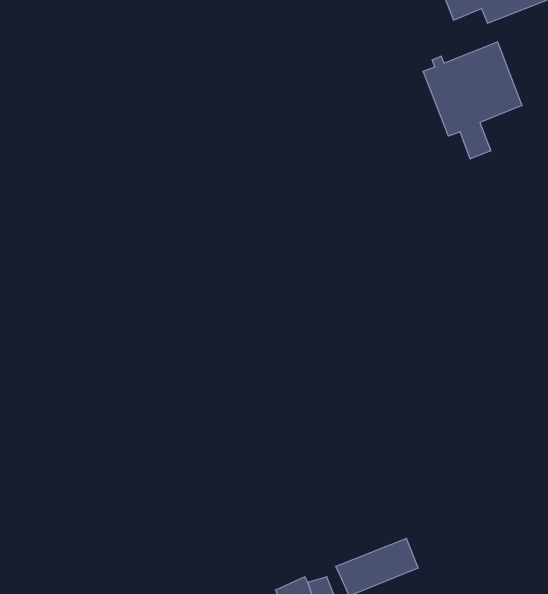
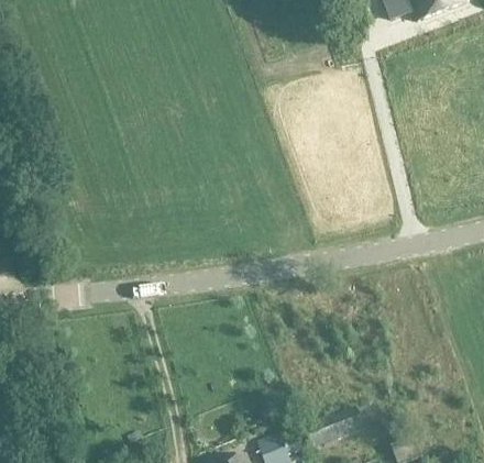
building: [423,42,522,159] -> none

